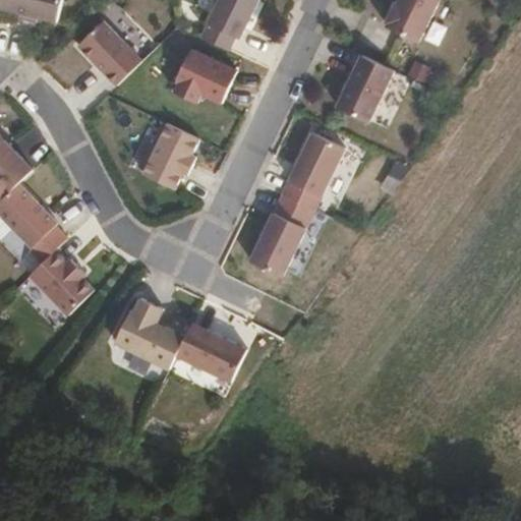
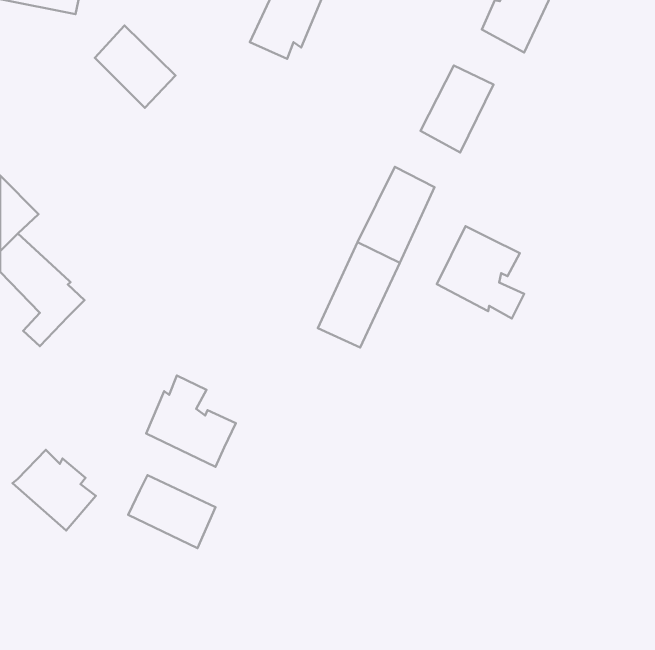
building: [174,47,236,101] -> none
building: [139,121,197,188] -> none
building: none -> [437,226,524,318]
building: [27,251,94,315] -> [12,450,96,530]
building: [178,324,247,382] -> [128,475,215,548]

